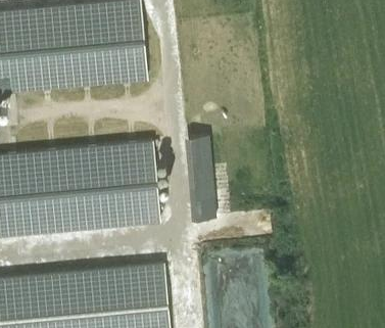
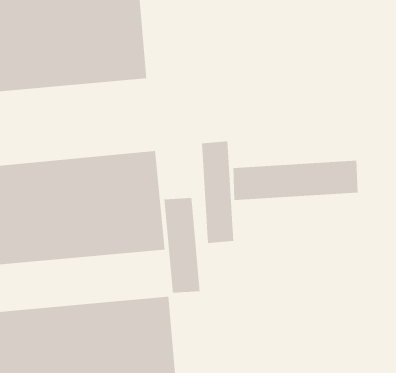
building: none -> [233,160,358,201]
building: none -> [164,197,200,294]

